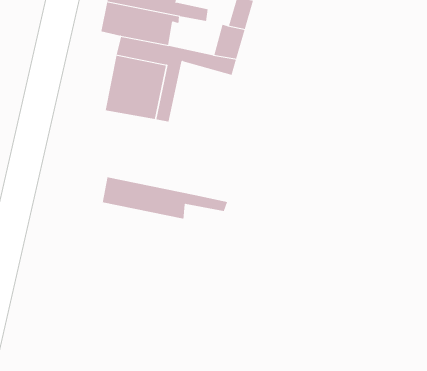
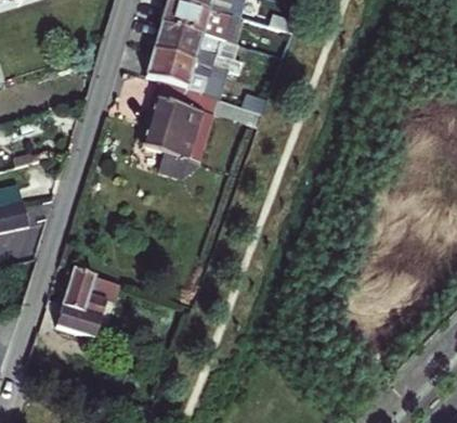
building: [102,176,228,219] -> none
building: none -> [57,267,120,334]

